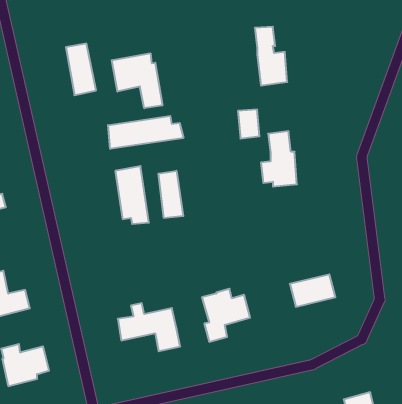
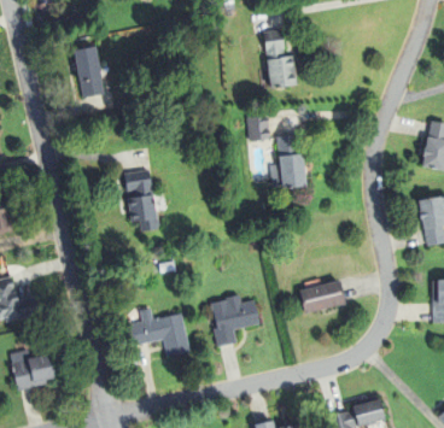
building: [112,53,163,108] -> none
building: [108,116,183,149] -> none
building: [158,171,183,218] -> none

